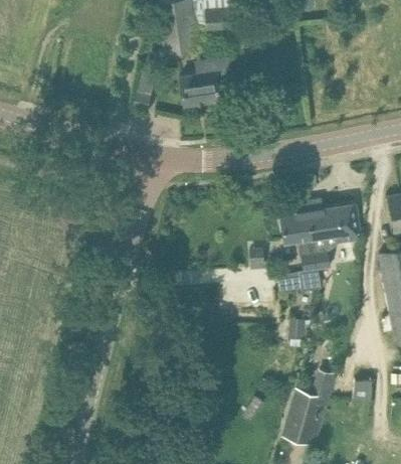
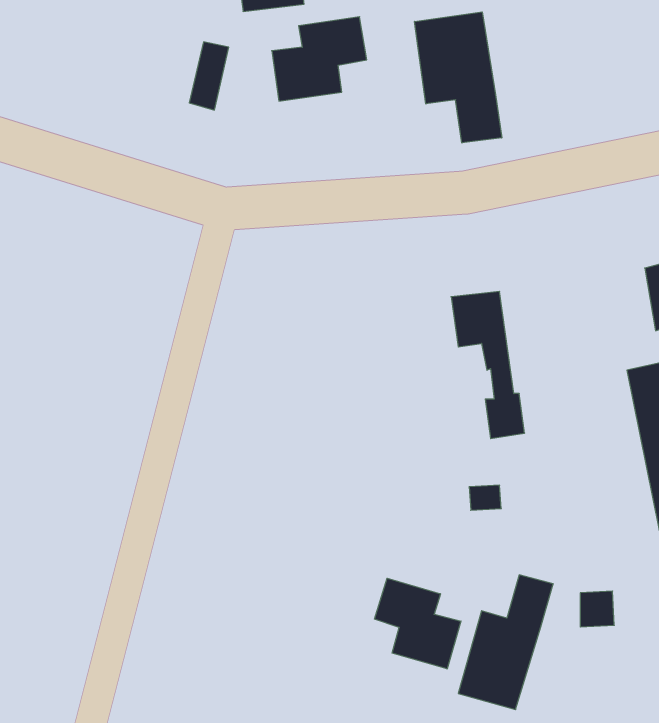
building: none -> [415,12,502,143]
building: [306,201,359,269] -> none
building: none -> [374,578,461,669]

